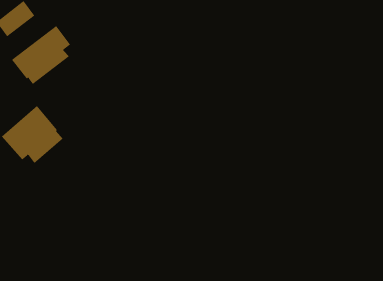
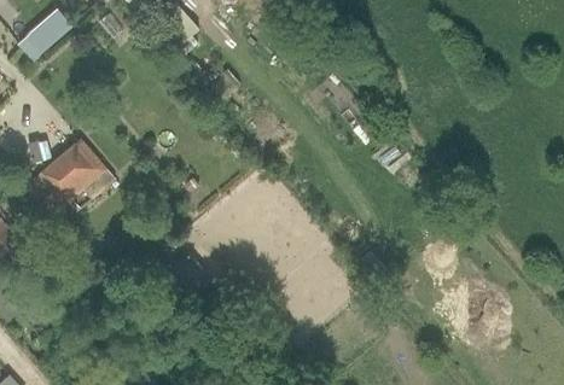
building: [11,25,71,85] -> none

